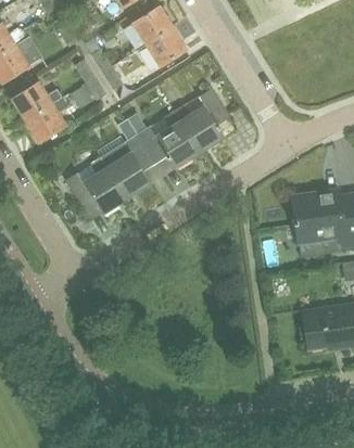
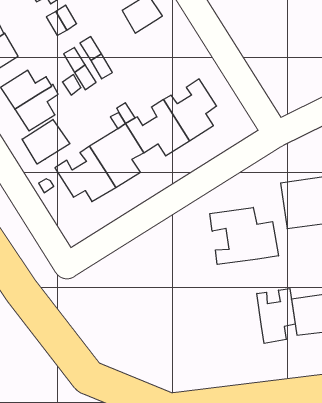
building: [146,27,187,66] -> none
building: none -> [22,119,70,164]
building: none -> [210,207,278,264]
building: none -> [257,289,295,343]

